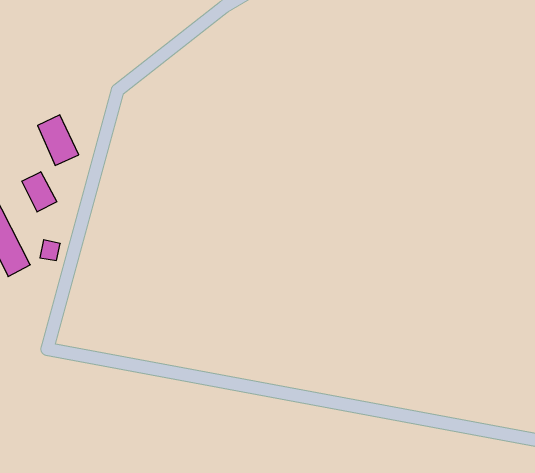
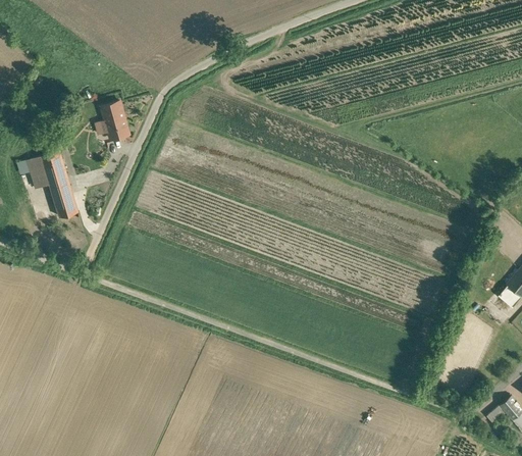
building: [22,172,57,212] -> none

